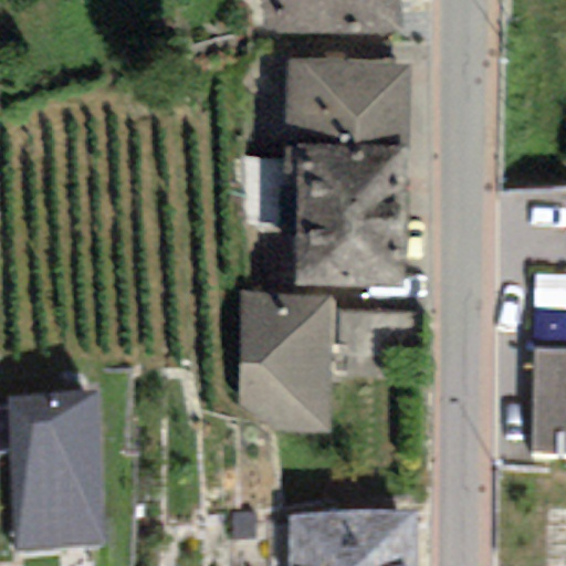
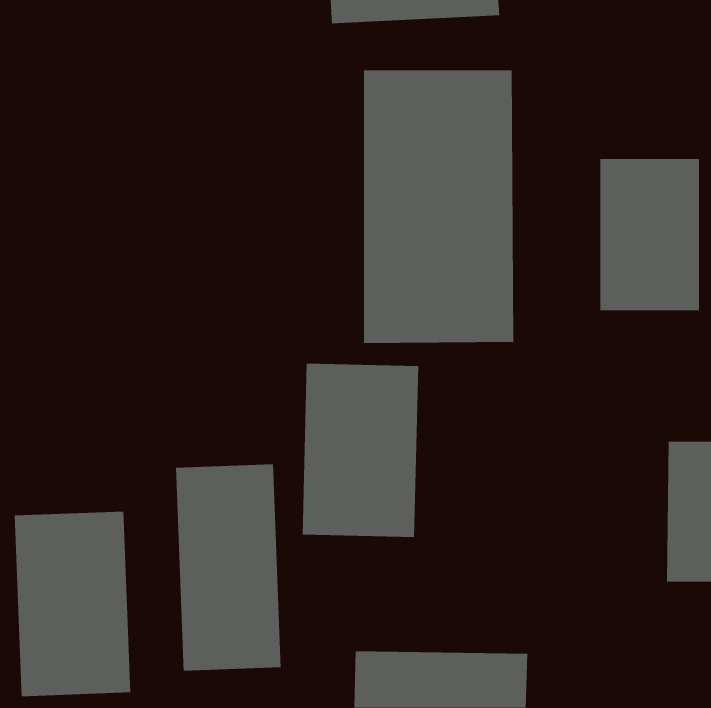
building: none -> [600,158,699,311]
building: none -> [175,463,281,672]

